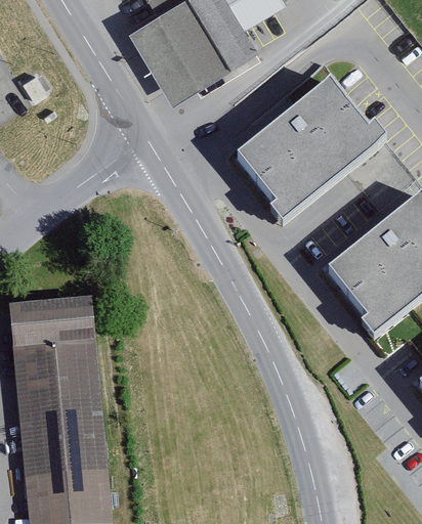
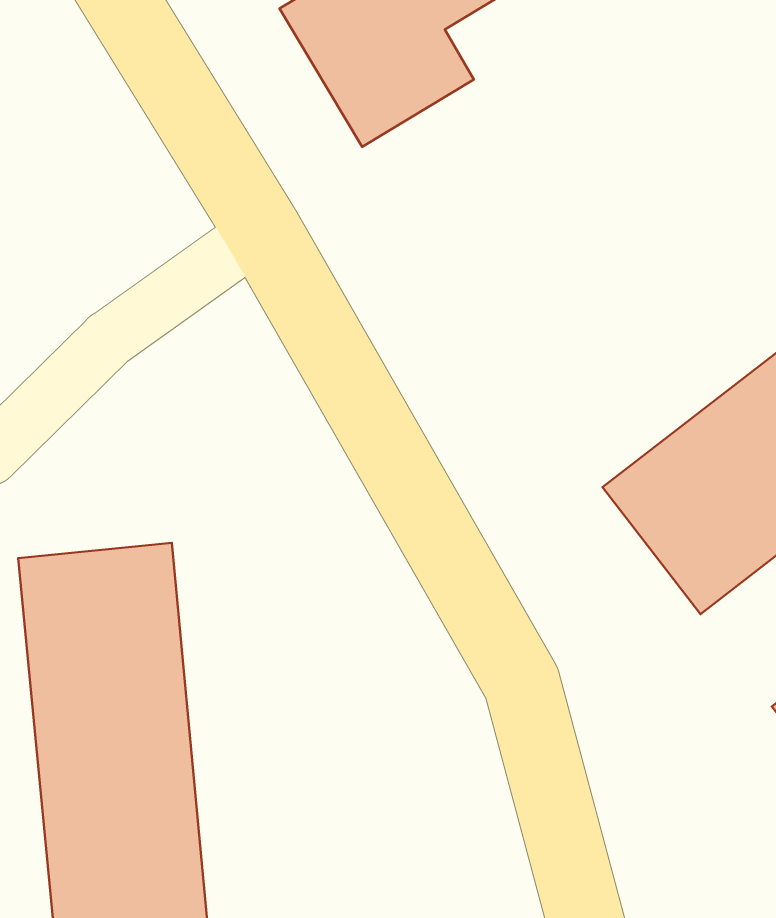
building: [124,11,196,101] -> none
building: [227,75,379,217] -> none

